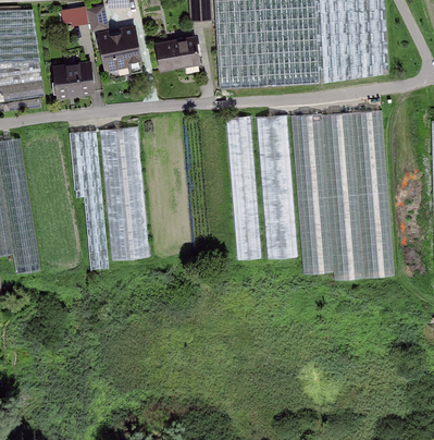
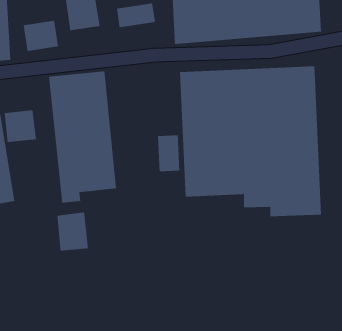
building: none -> [4,110,37,143]
building: none -> [158,135,180,172]
building: none -> [57,212,88,252]

